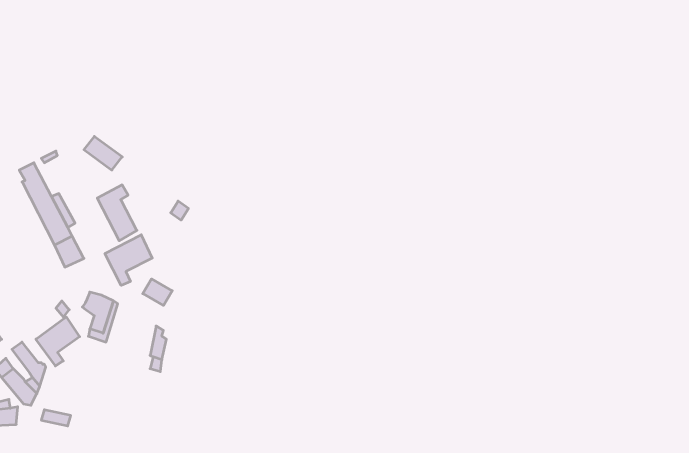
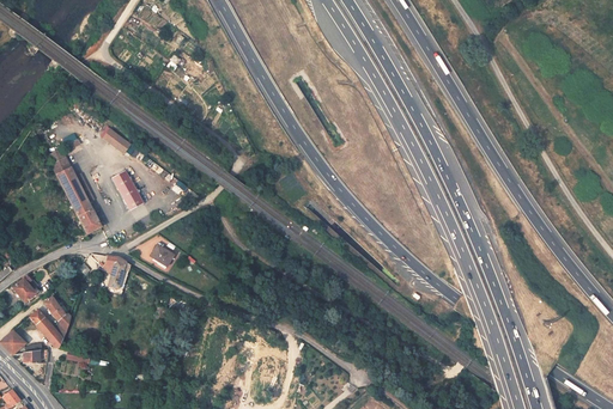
building: [105,235,152,285] -> none
building: [36,317,80,366] -> none

